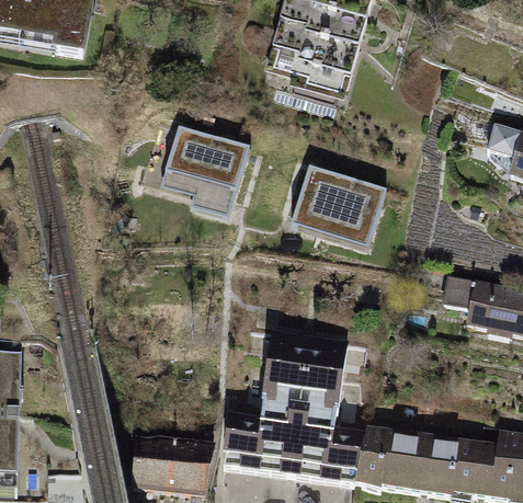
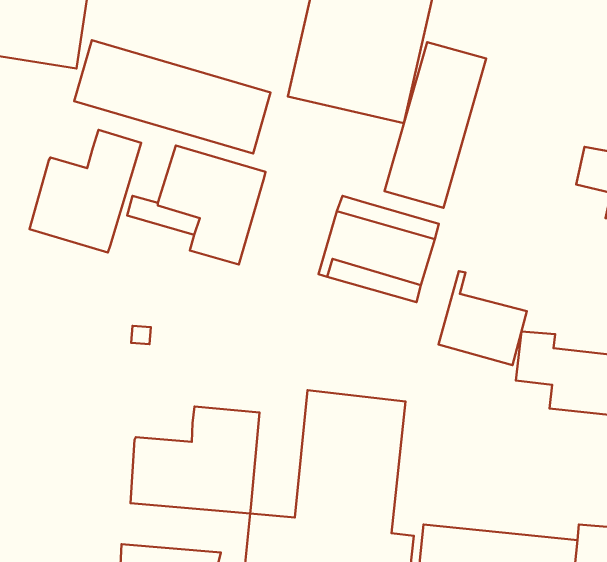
building: none -> [74,40,271,153]
building: none -> [385,42,486,208]
building: none -> [29,130,141,252]
building: none -> [438,271,527,365]
building: none -> [131,407,260,513]

